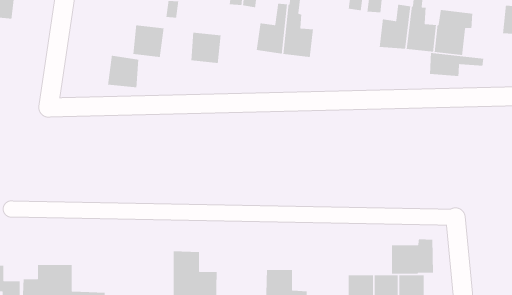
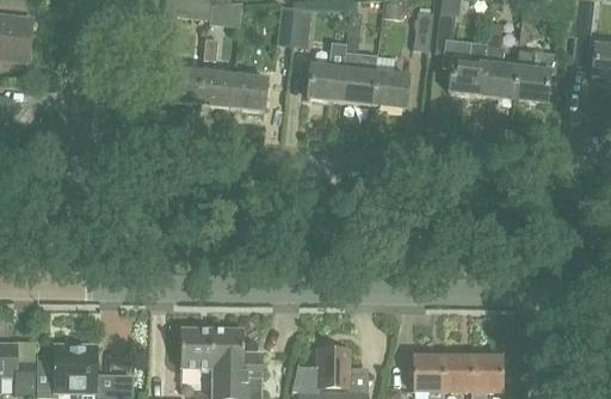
building: none -> [370,54,407,108]
building: [429,52,484,77] -> none
building: [107,55,139,88] -> [197,69,234,108]
building: [391,238,434,274] -> none
building: none -> [179,326,211,367]

